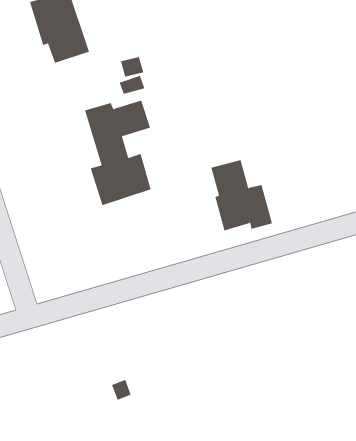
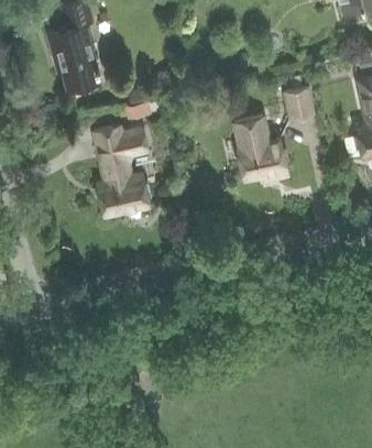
building: none -> [282,88,315,121]
building: [211,160,273,231] -> [236,118,288,181]

